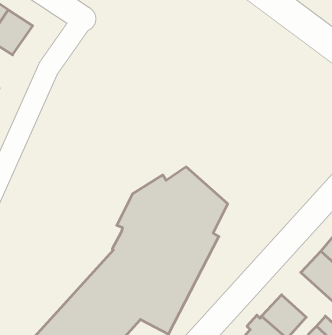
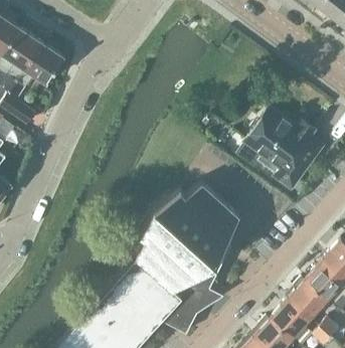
building: none -> [242,109,315,190]
building: none -> [287,280,327,320]

